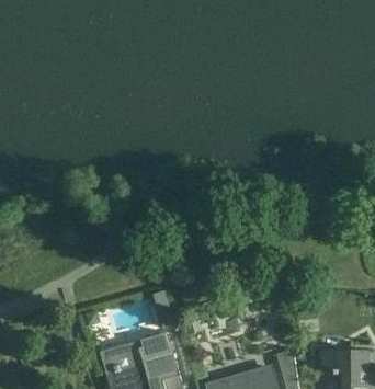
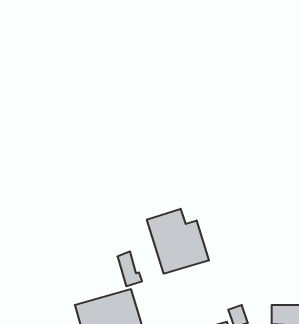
building: none -> [147,209,209,274]

